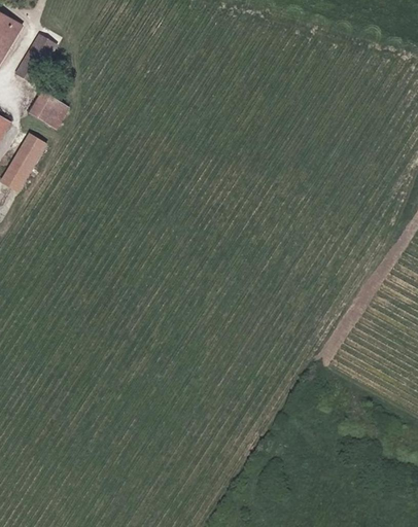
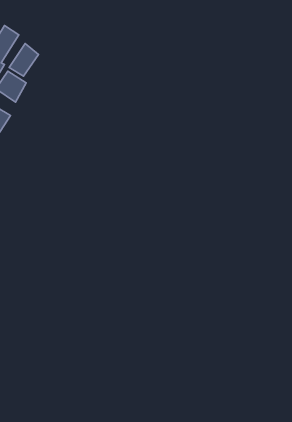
building: none -> [9,43,38,76]

